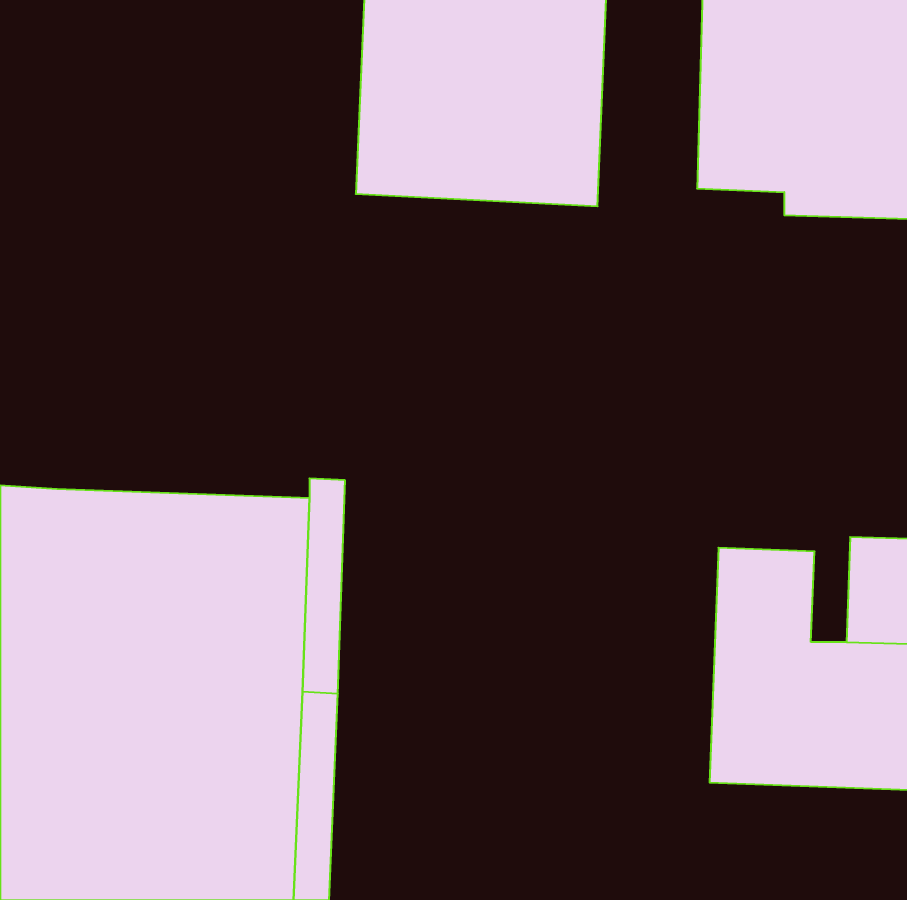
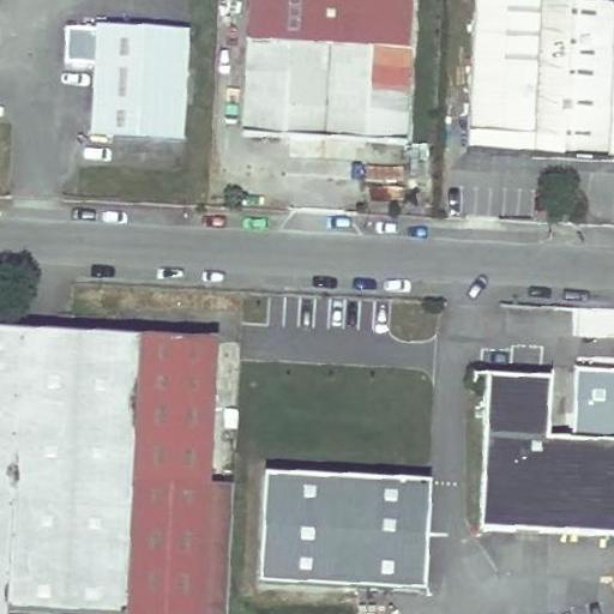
building: none -> [65,20,187,136]
building: none -> [254,469,425,585]

